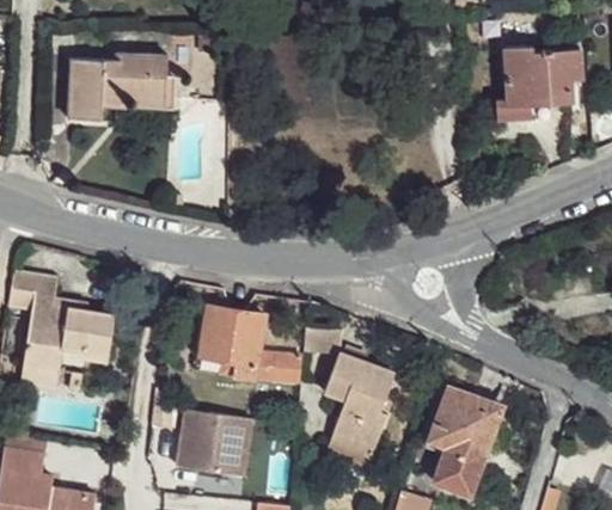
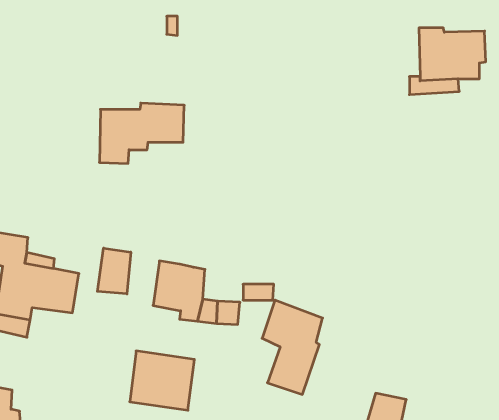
building: [68,51,164,119] -> [99,103,184,163]
building: none -> [97,248,131,294]
building: [435,394,502,463] -> none

